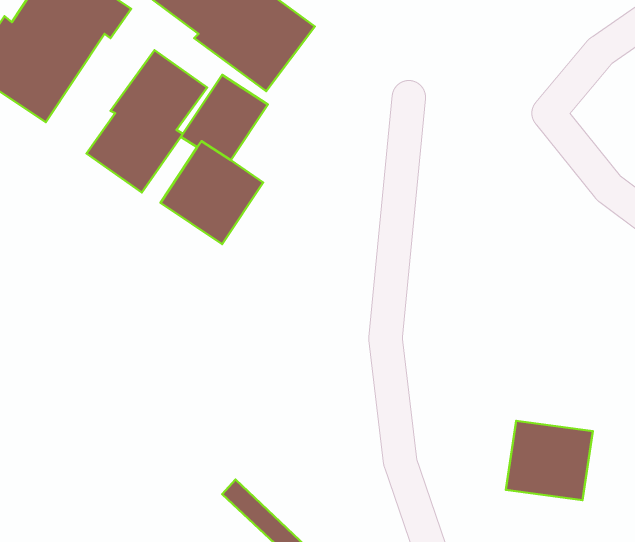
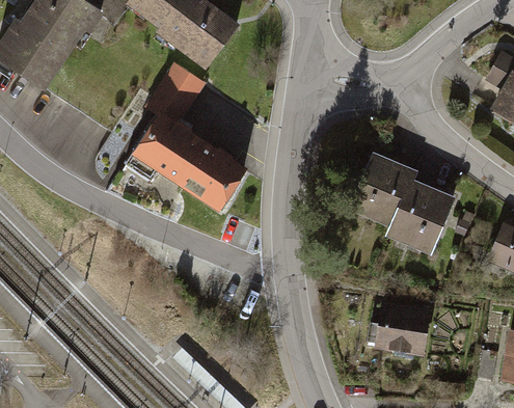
building: [86,50,207,192] -> none
building: none -> [171,133,244,205]
building: none -> [346,152,457,257]

